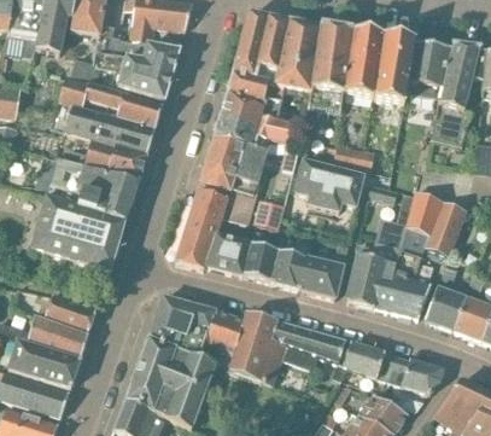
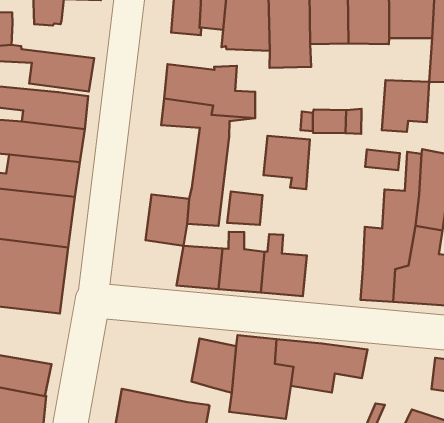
building: [109,36,179,75] -> none
building: [228,65,268,100] -> none
building: [200,136,245,190] -> none
building: [320,168,363,211] -> [382,80,429,132]
building: [176,225,216,269] -> none
building: [303,258,343,297] -> none
building: [148,296,216,357] -> none
building: [332,342,398,380] -> none

